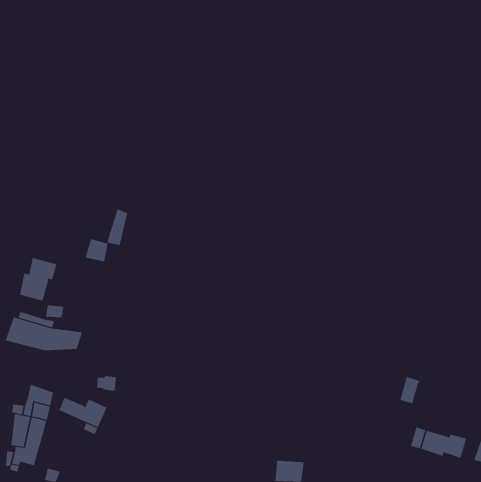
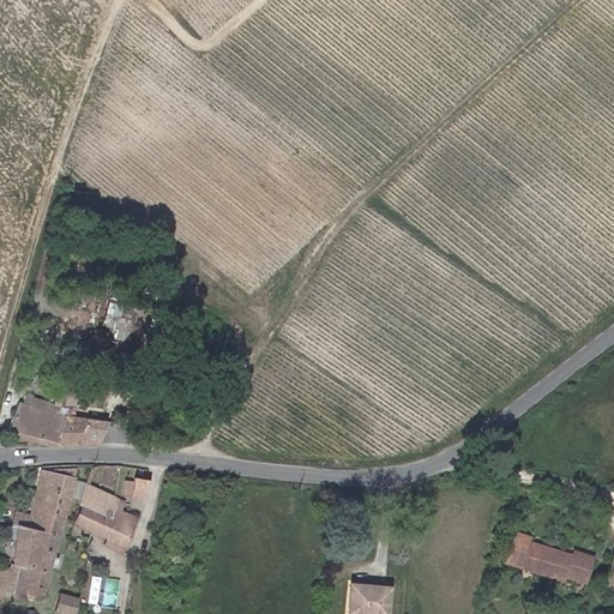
building: [107,209,128,246] -> none
building: [19,257,57,301] -> none
building: none -> [40,464,79,499]
building: [400,376,420,404] -> [506,532,532,567]
building: none -> [78,484,115,517]

